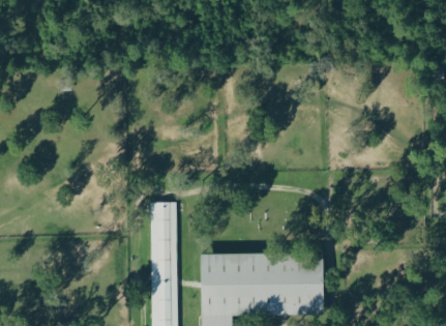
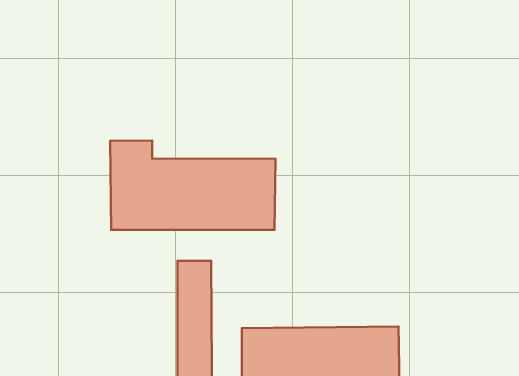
building: none -> [110,141,275,230]

